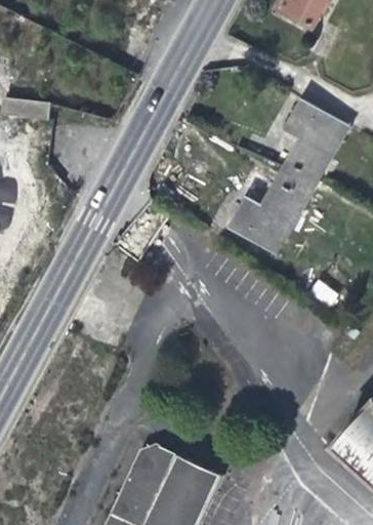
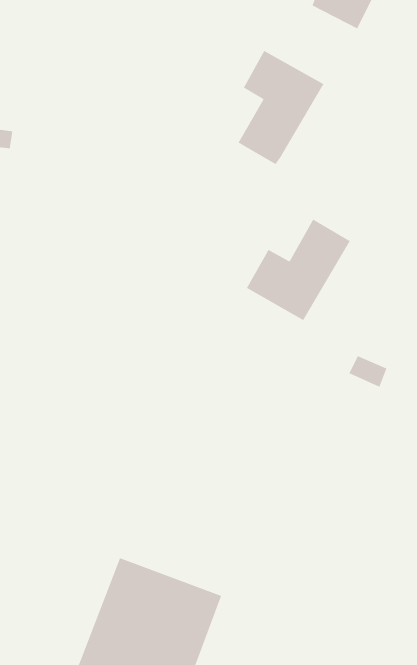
building: [282,102,349,192] -> [238,50,324,165]

